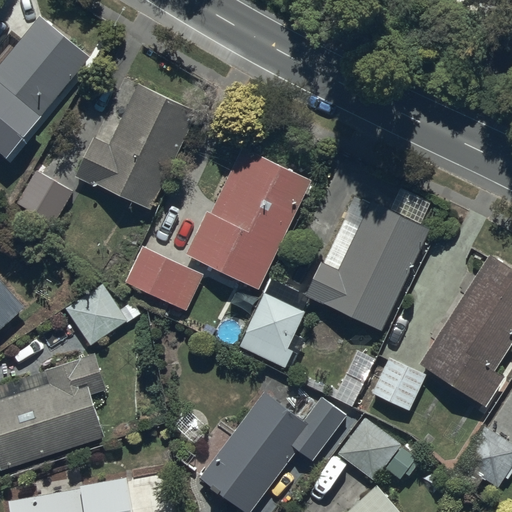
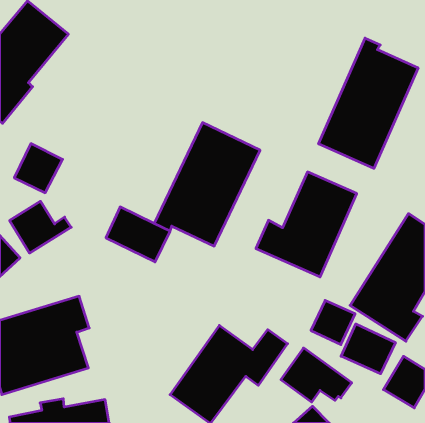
building: none -> [319,38,418,168]
building: [74,73,193,197] -> none
building: [66,283,140,345] -> [10,201,71,253]
building: [241,293,307,367] -> none
building: none -> [341,324,395,374]

